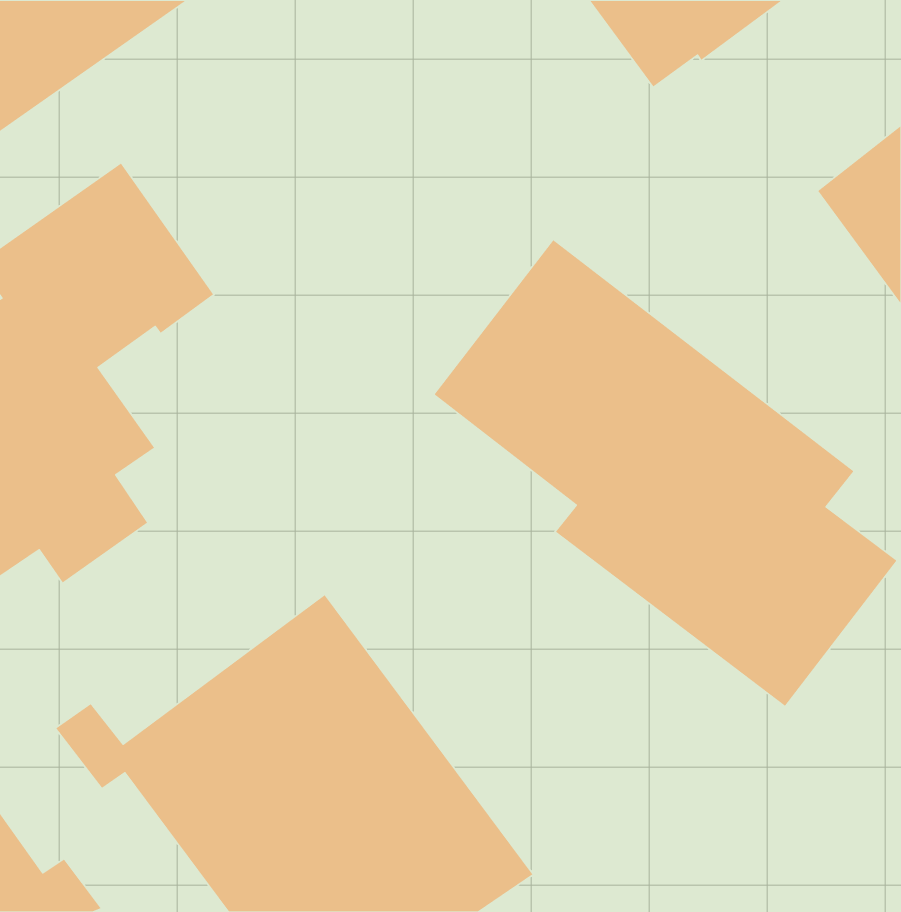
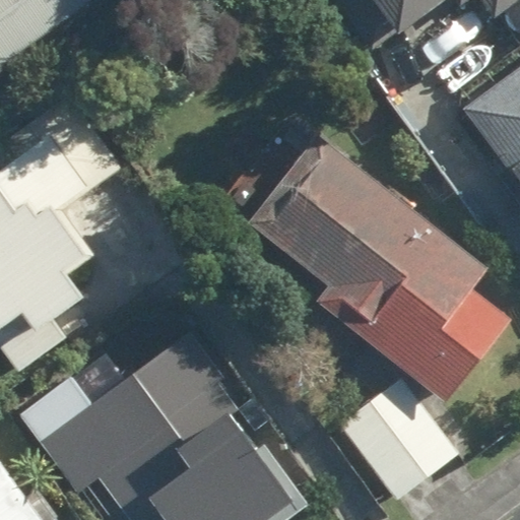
building: none -> [337,376,458,501]

